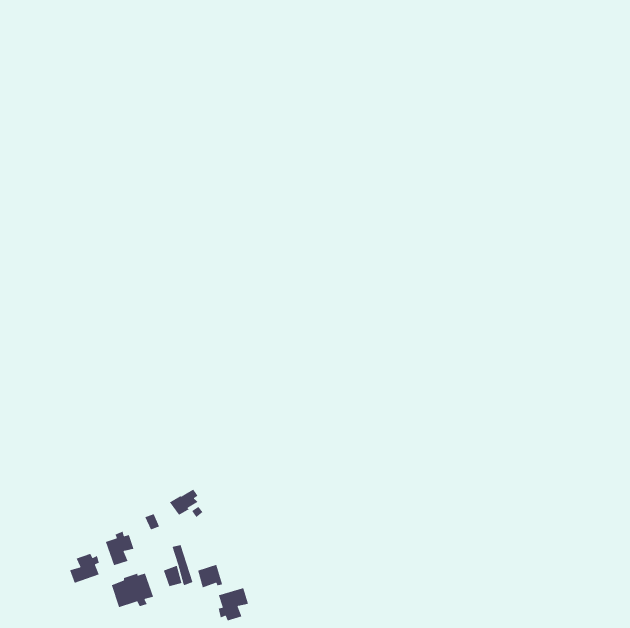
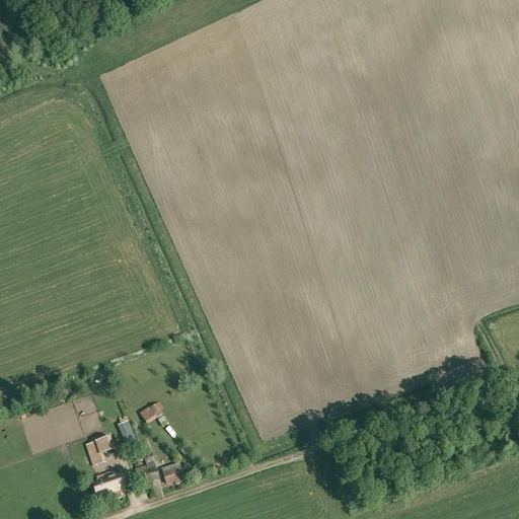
building: [69,553,100,584] -> none
building: [218,587,249,622] -> none

